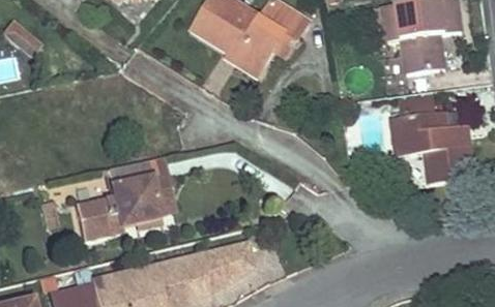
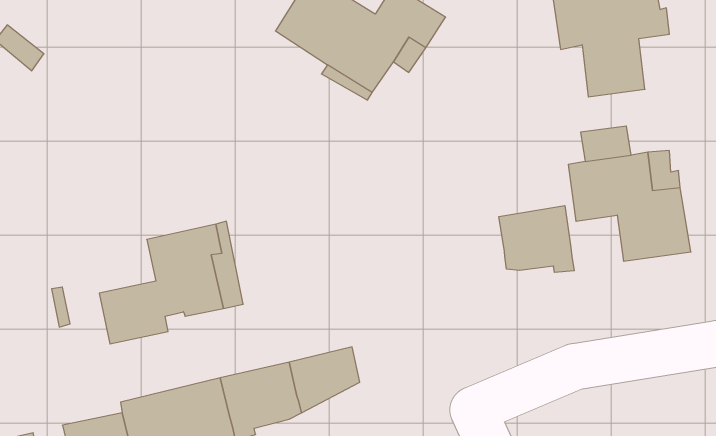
building: none -> [499,206,574,272]

